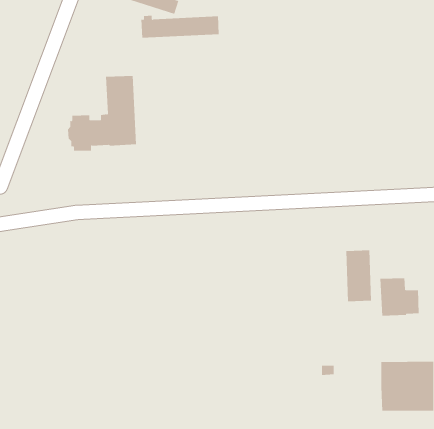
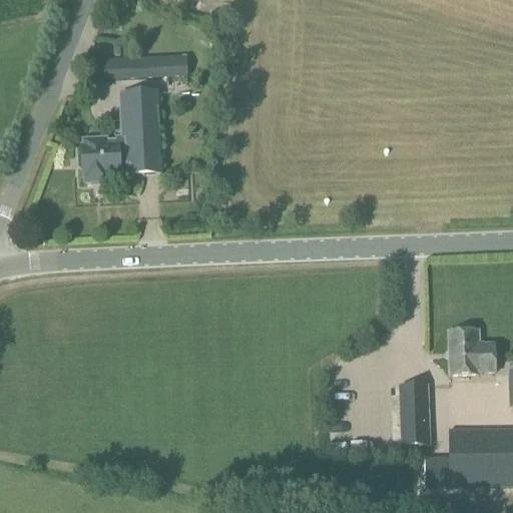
building: [141,15,220,38] -> [94,51,187,78]
building: [346,250,372,302] -> [399,383,430,444]
building: none -> [423,455,450,485]

